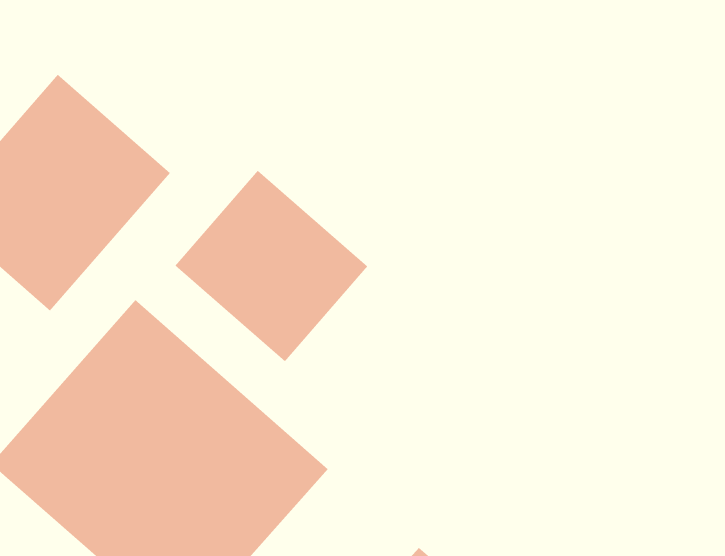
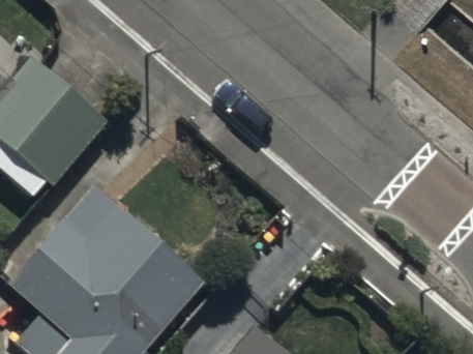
building: [174,170,368,362] -> none

